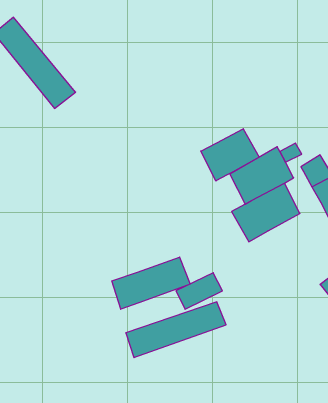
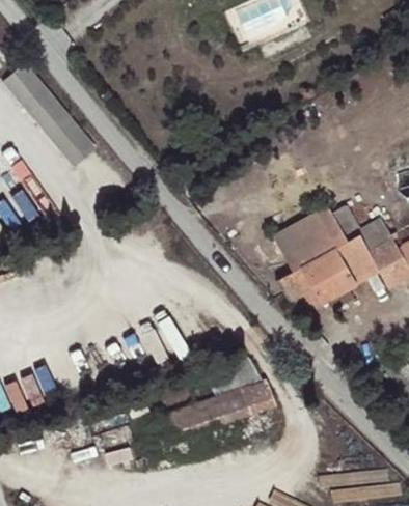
building: [201,129,259,181] -> none
building: none -> [335,234,377,282]
building: [112,257,190,309] -> none

